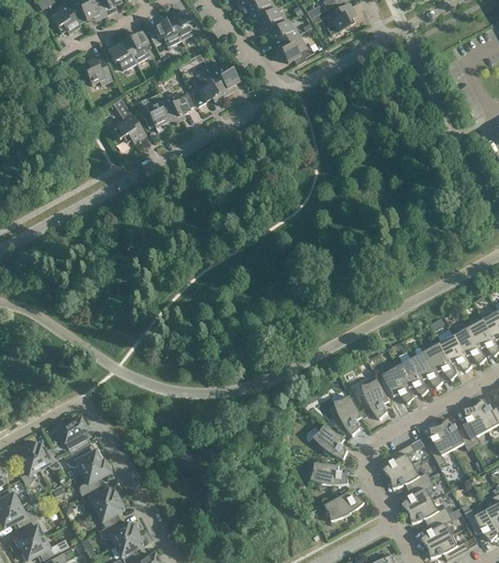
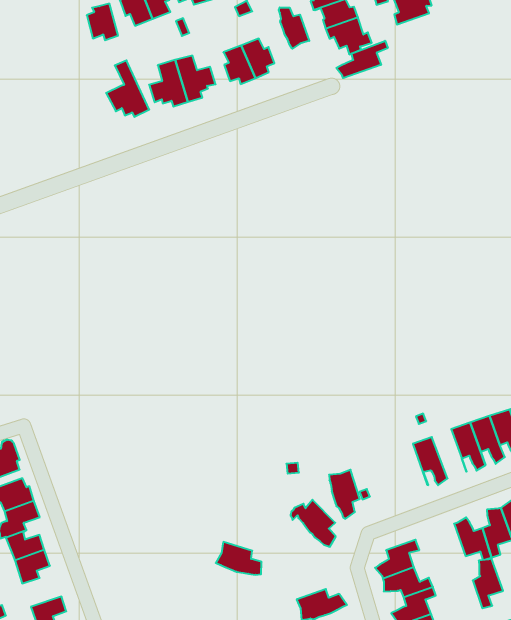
building: none -> [279,7,309,49]
building: none -> [336,41,388,78]
building: [411,349,443,388] -> none
building: [381,365,413,402] -> none
building: [362,377,389,418] -> none
building: [428,423,453,464] -> [473,559,503,608]
building: [311,461,348,483] -> [216,542,262,575]
building: [98,519,137,543] -> none

